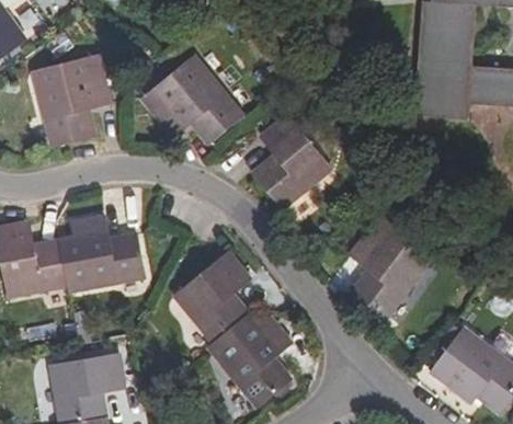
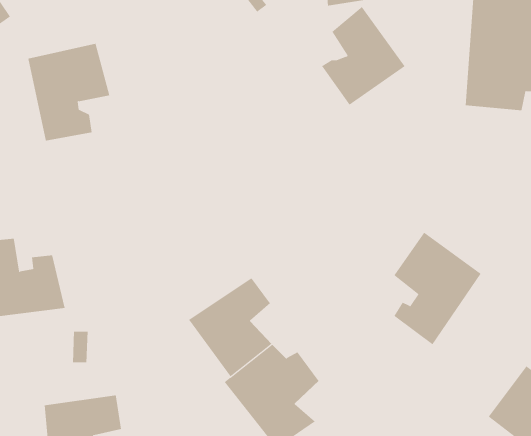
building: [144,55,241,141] -> none
building: [258,118,330,204] -> [321,6,405,106]
building: [59,222,145,290] -> none

